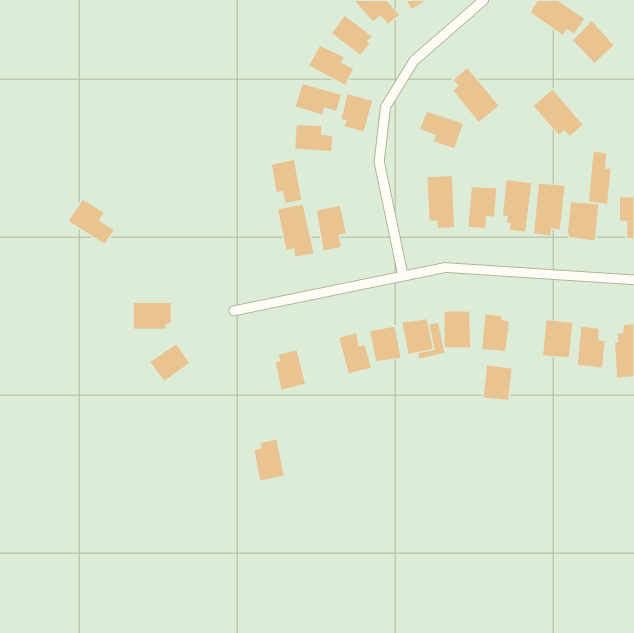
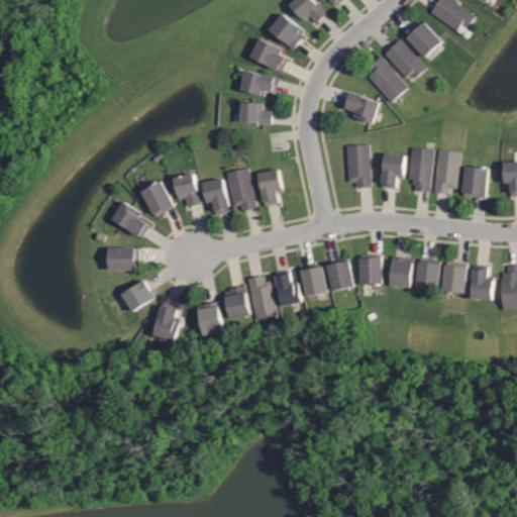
building: [572,20,614,64] -> [405,22,439,58]
building: [533,88,584,137] -> [384,40,425,80]
building: [341,93,373,133] -> none
building: [588,151,612,205] -> none
building: [271,159,302,204] -> [203,179,228,215]
building: [68,199,115,245] -> [112,202,150,239]
building: none -> [174,175,200,207]
building: none -> [140,182,174,218]
building: none -> [246,277,276,319]
building: [483,364,513,400] -> [416,261,440,290]
building: none -> [151,302,180,342]
building: [253,439,284,481] -> [197,301,222,335]

